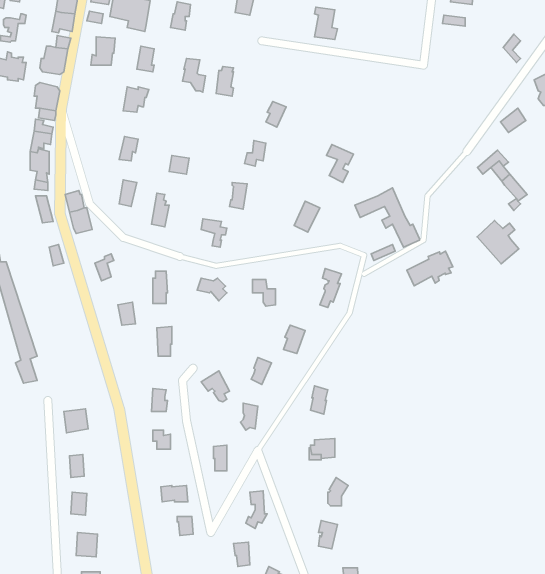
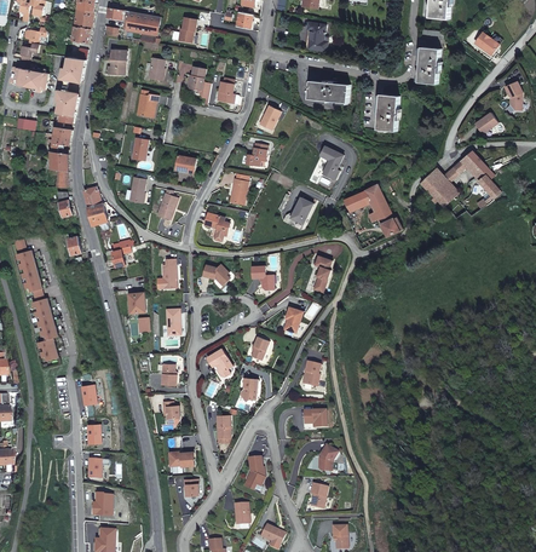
building: none -> [417,46,440,85]
building: none -> [307,80,348,103]
building: none -> [377,93,399,131]
building: [477,221,519,264] -> [420,167,457,206]
building: [407,251,453,286] -> none

